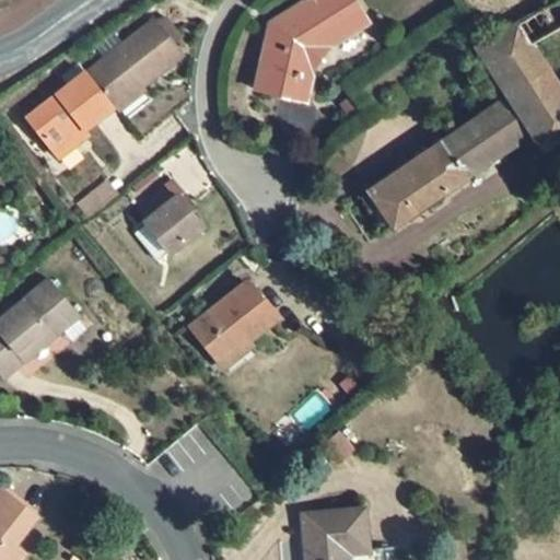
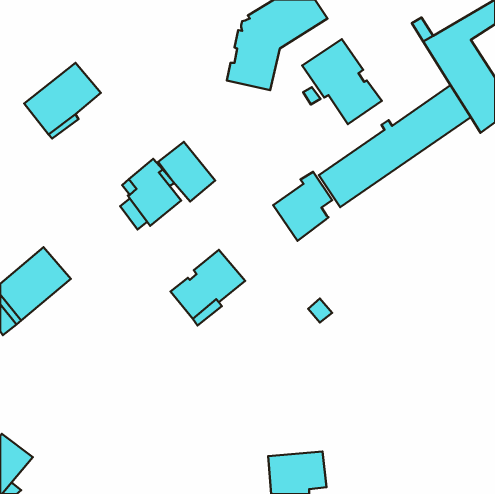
building: [85,19,185,106] -> none
building: none -> [302,39,382,124]
building: none -> [158,142,215,201]
building: none -> [273,172,332,241]

